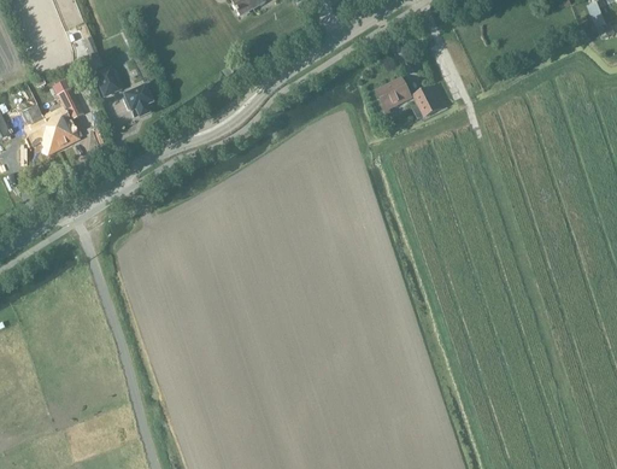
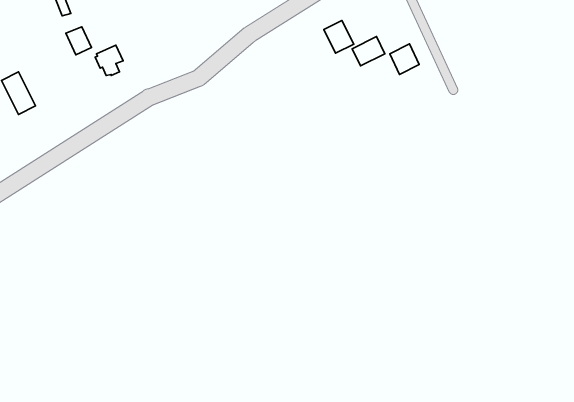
building: none -> [324,21,354,53]
building: [46,86,82,145] -> none

